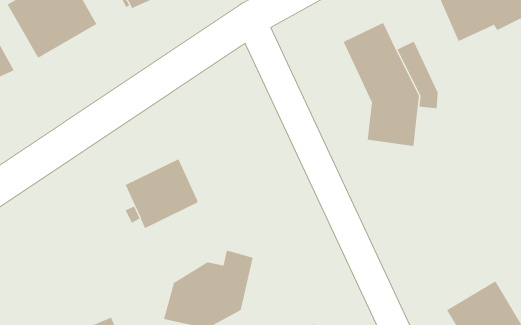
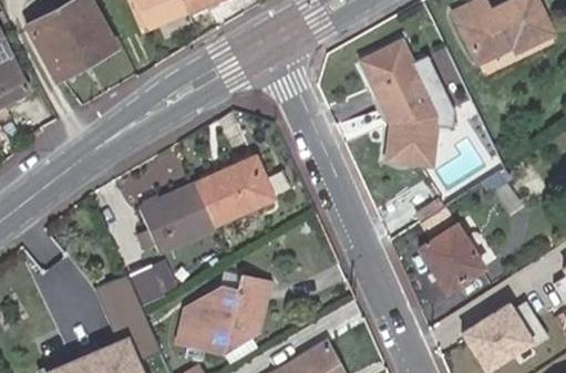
building: none -> [195,153,274,221]
building: none -> [420,227,484,291]
building: none -> [132,260,173,302]

